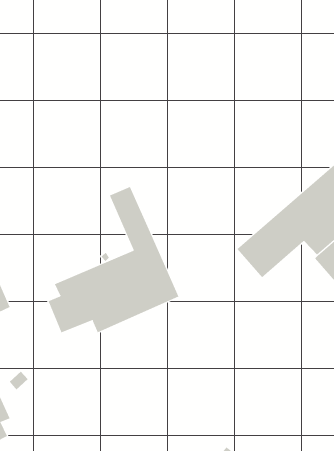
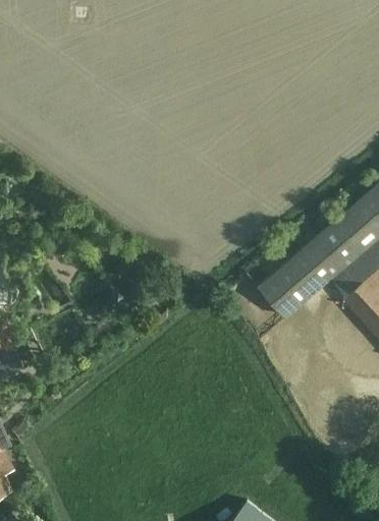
building: [48,186,179,333] -> none

